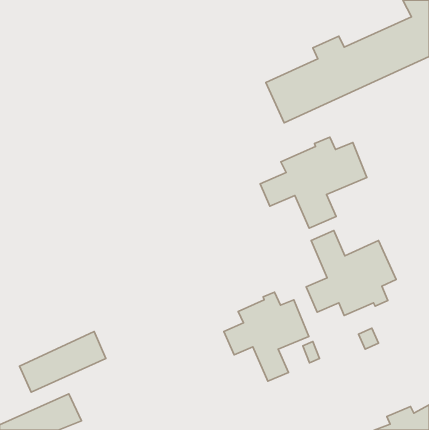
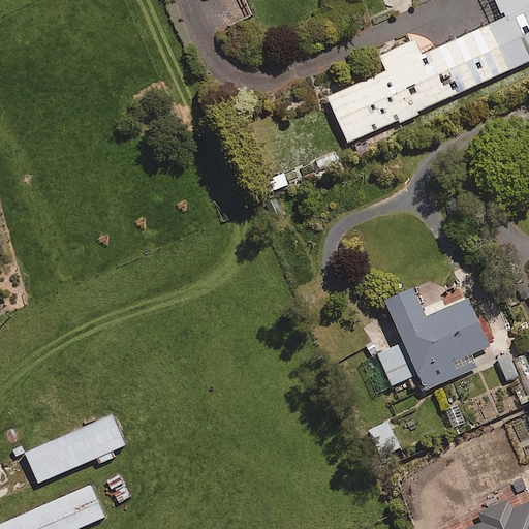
building: [260,137,367,228] -> none
building: [224,292,309,381] -> none

